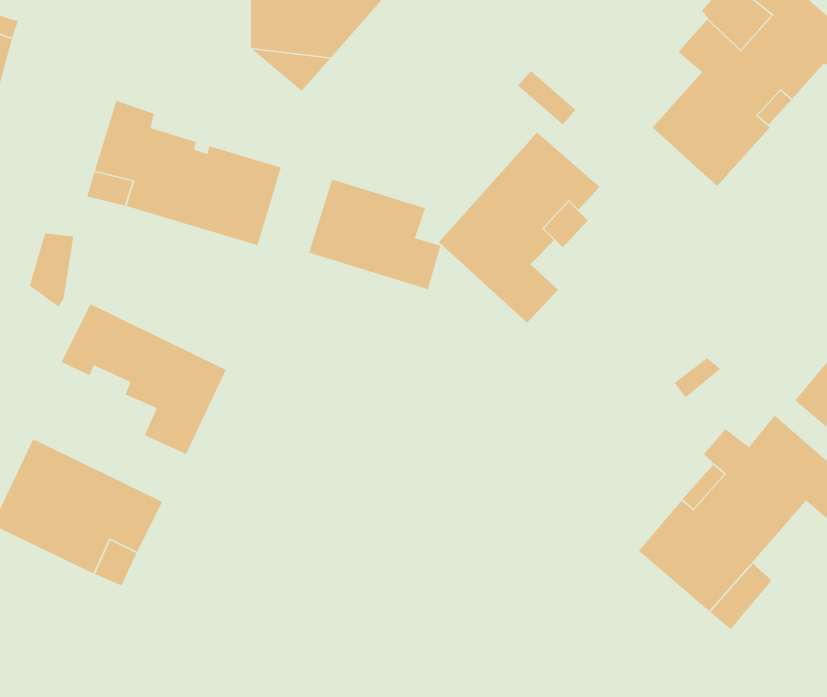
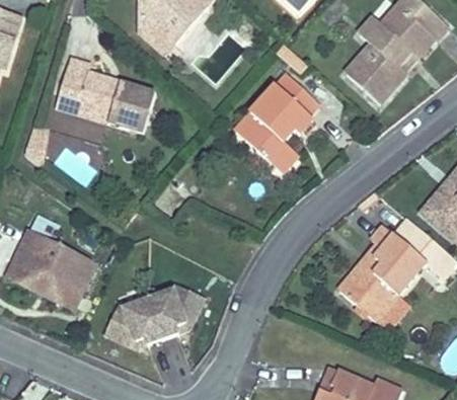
building: [308,179,441,290] -> none
building: [60,303,227,455] -> none
building: none -> [105,285,195,351]

